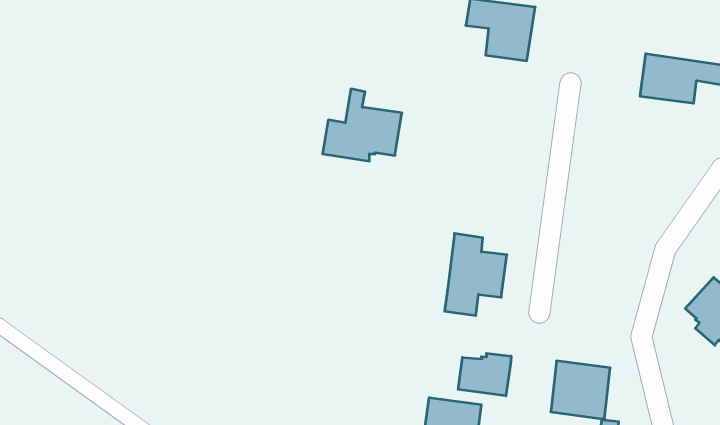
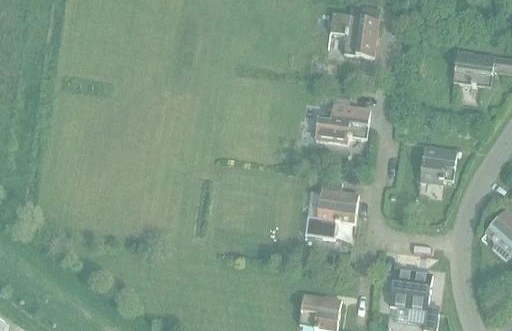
building: [323,89,402,161] -> [314,92,370,143]
building: none -> [420,147,456,181]
building: [458,353,511,396] -> none

